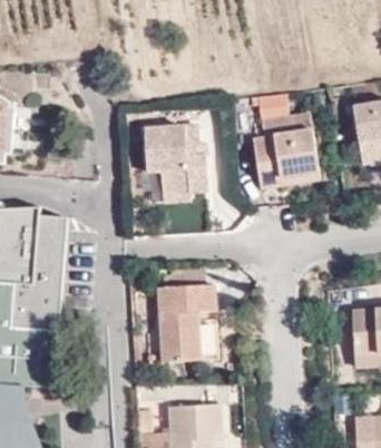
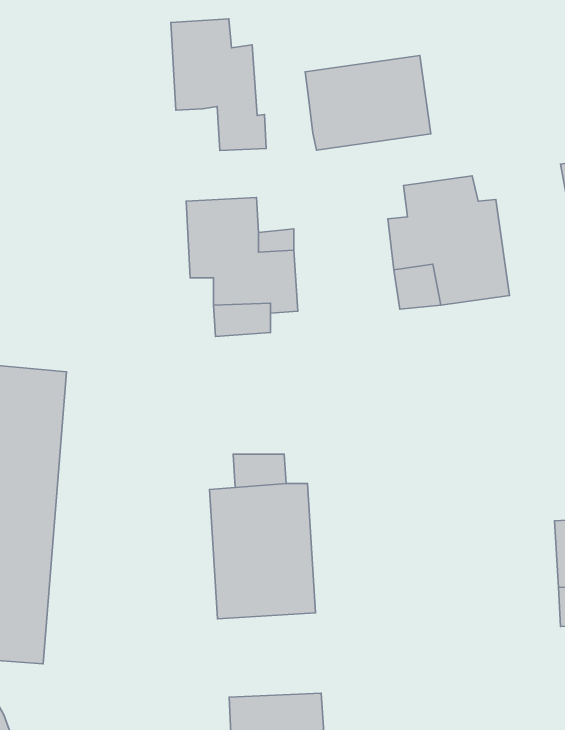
building: none -> [171,19,266,150]
building: none -> [305,55,431,150]

